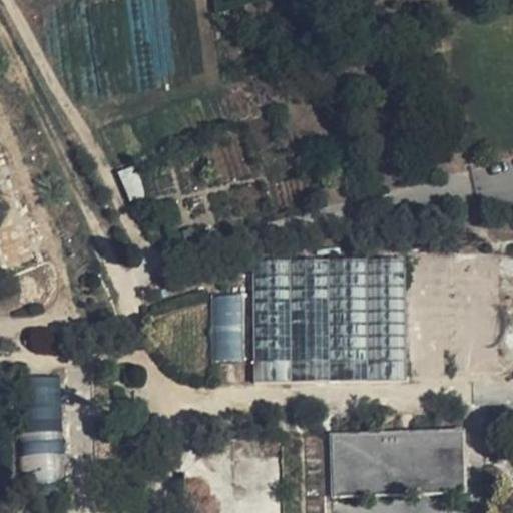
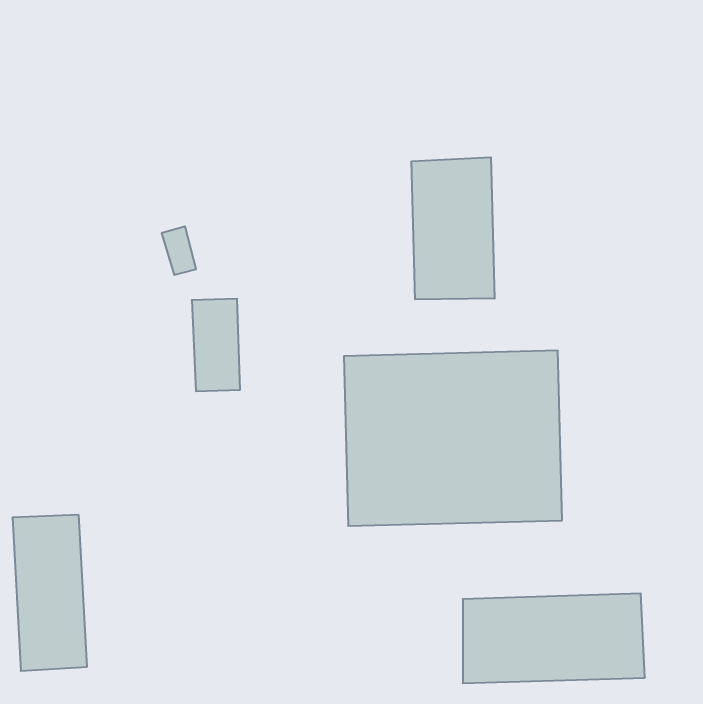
building: none -> [412,157,495,299]
building: [207,294,242,361] -> [192,299,240,391]

